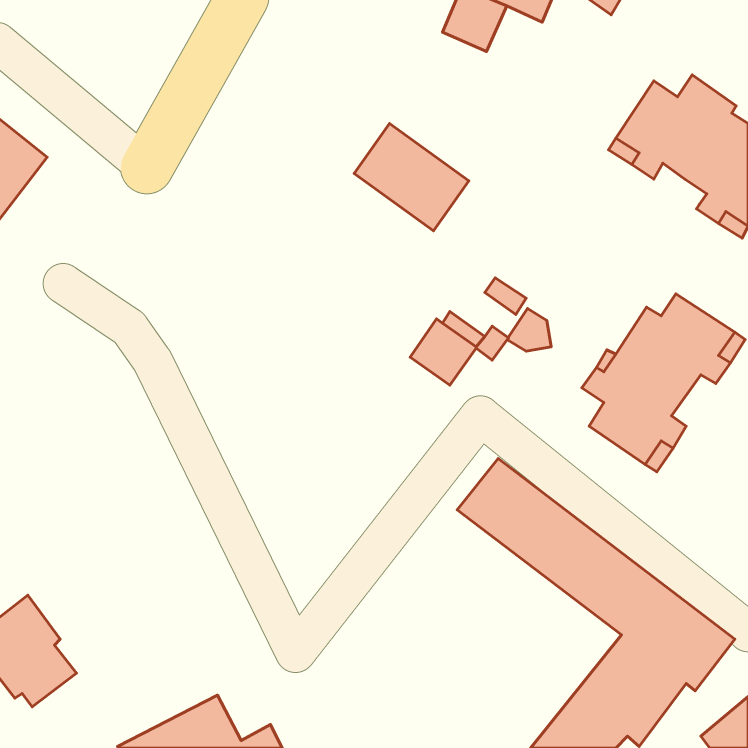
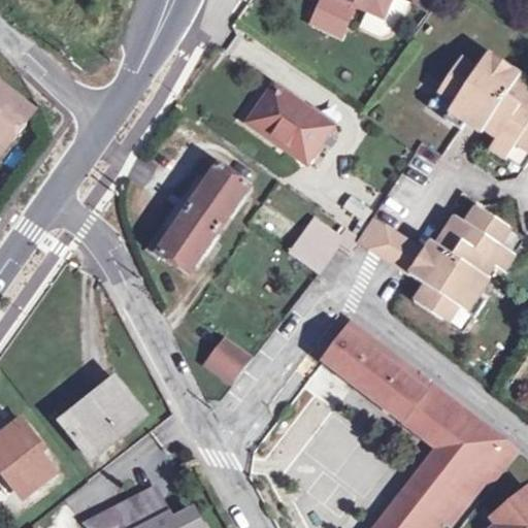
building: none -> [157,165,244,270]
building: none -> [206,337,252,383]
building: none -> [61,378,143,457]

